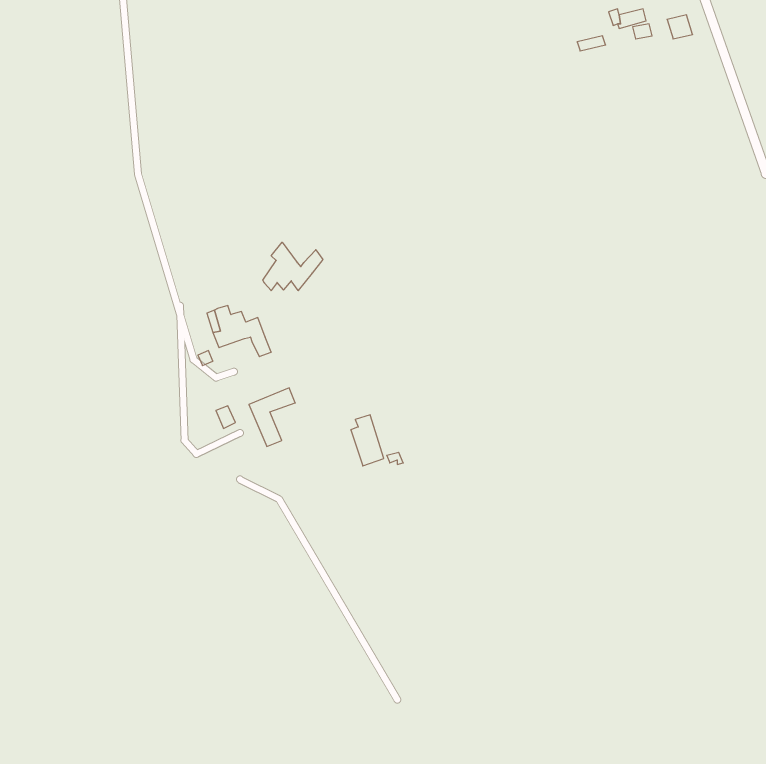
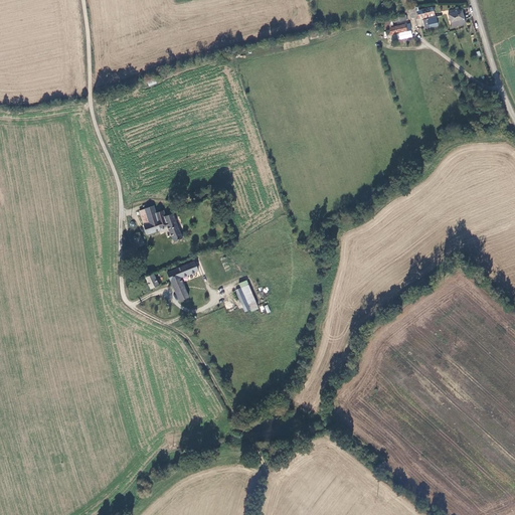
building: [263,242,323,291] -> none

